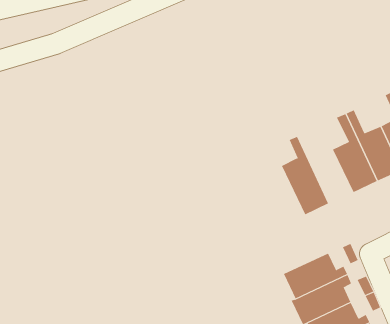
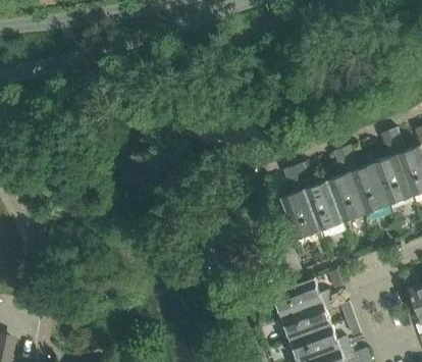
building: none -> [295,162,342,230]

